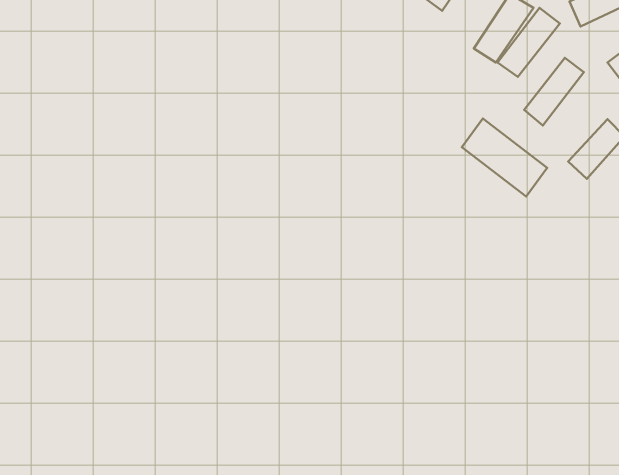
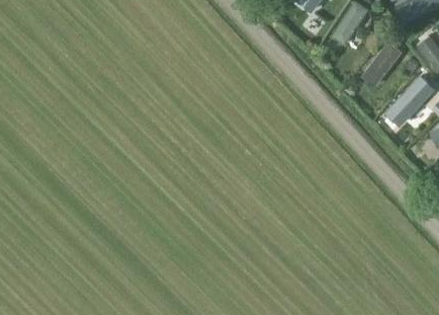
building: [498,8,560,77] -> none
building: [462,118,547,197] -> none

